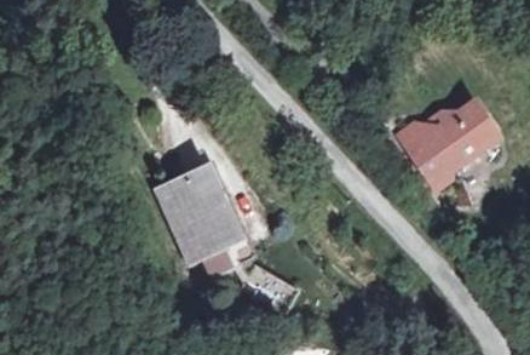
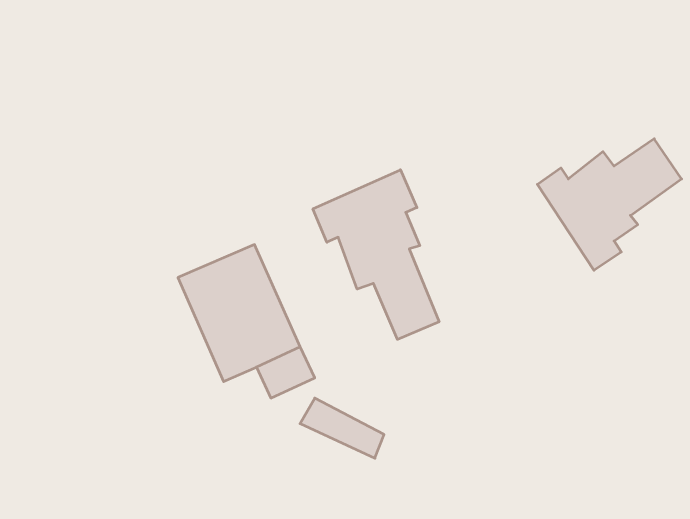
building: none -> [313,170,439,339]

